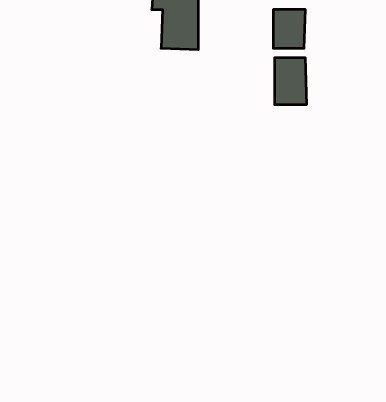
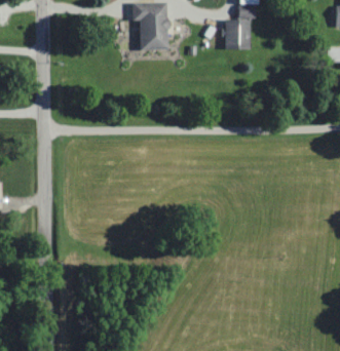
building: [275,58,306,105] -> none

